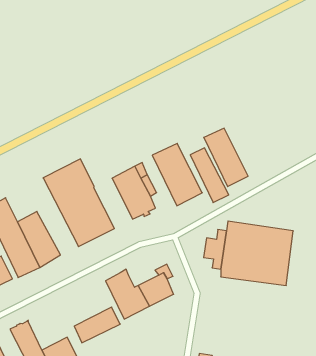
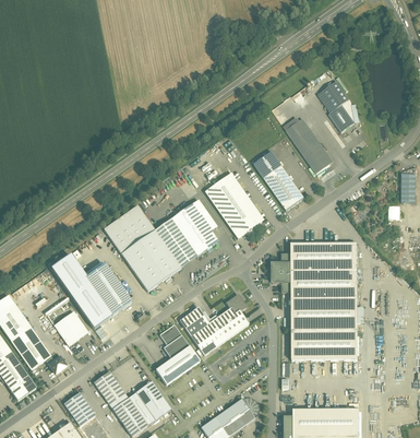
building: none -> [321,81,355,132]
building: [190,148,229,203] -> [286,121,329,174]
building: none -> [154,218,196,268]
building: none -> [291,298,357,359]
building: none -> [158,323,189,358]

